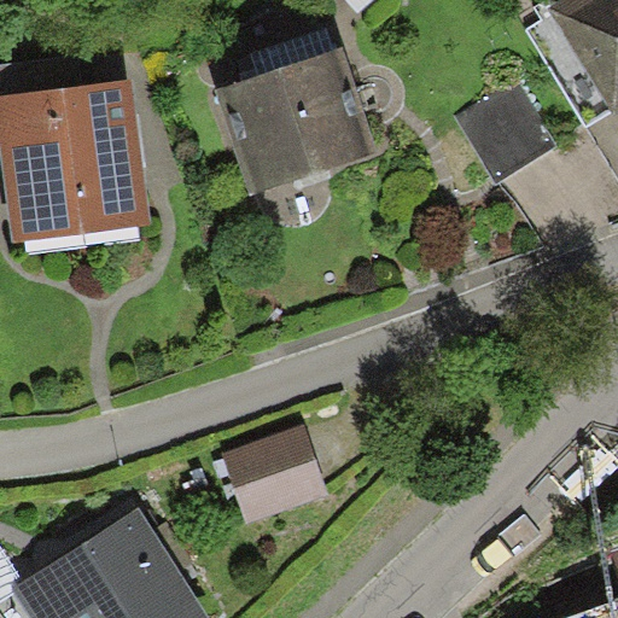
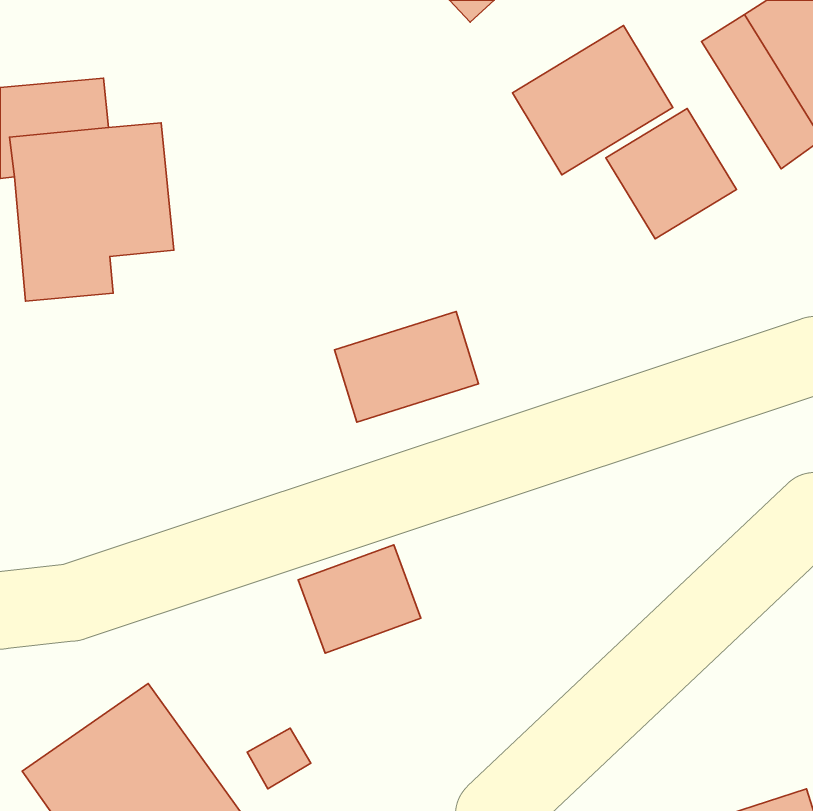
building: none -> [513,26,673,175]
building: [222,60,369,199] -> none
building: none -> [334,312,479,422]

